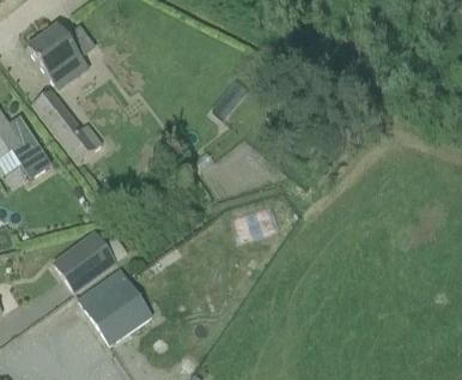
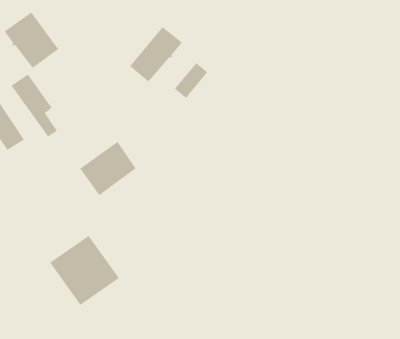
building: none -> [129,26,183,83]
building: [55,233,117,292] -> [79,141,137,196]

